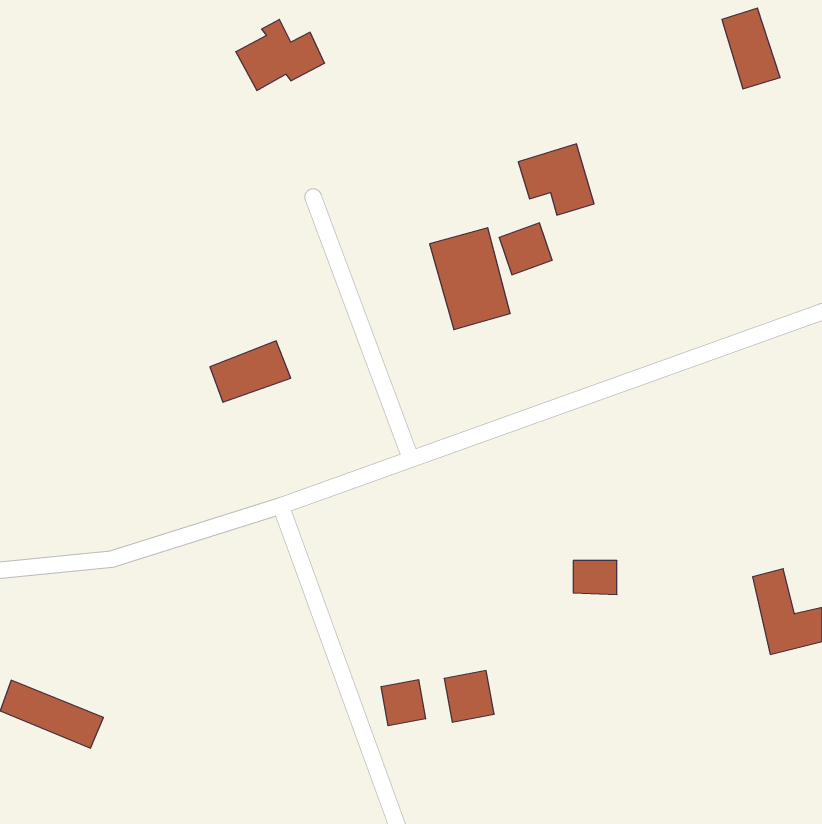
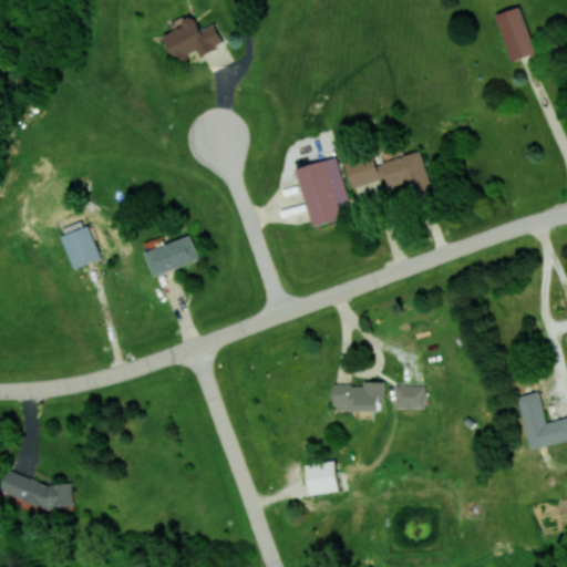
building: [518,144,594,215] -> [380,151,432,199]
building: none -> [61,226,100,269]
building: none -> [332,381,383,411]
building: [381,680,425,726] -> none

